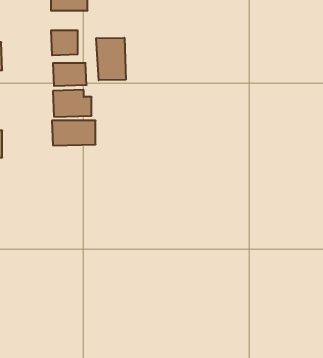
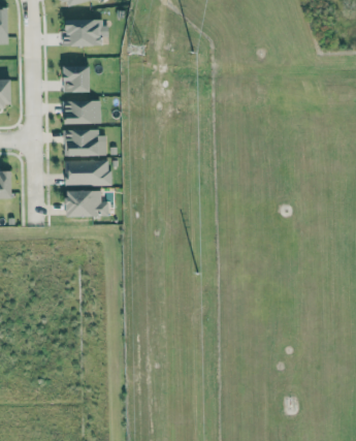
building: [96,38,126,80] -> none
building: none -> [66,190,108,217]

